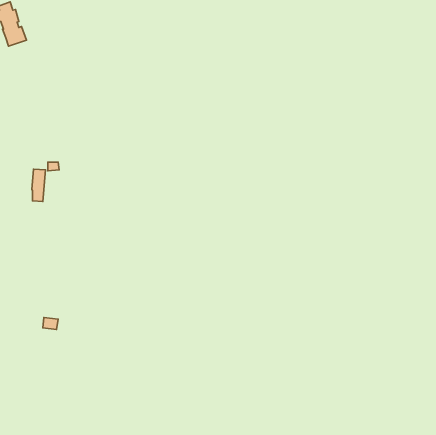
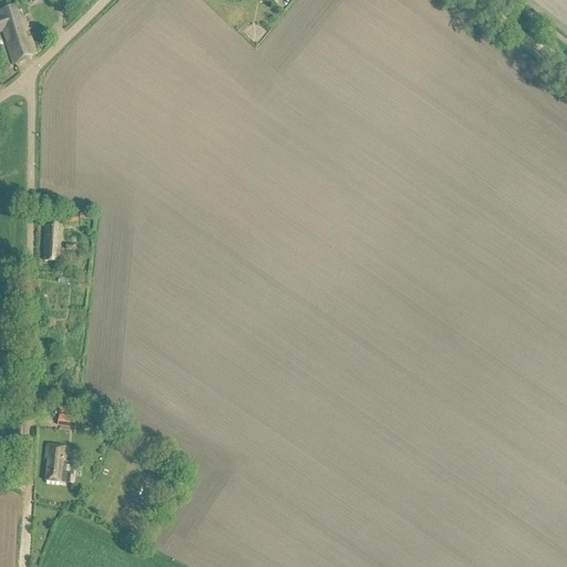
building: none -> [44,442,72,482]

